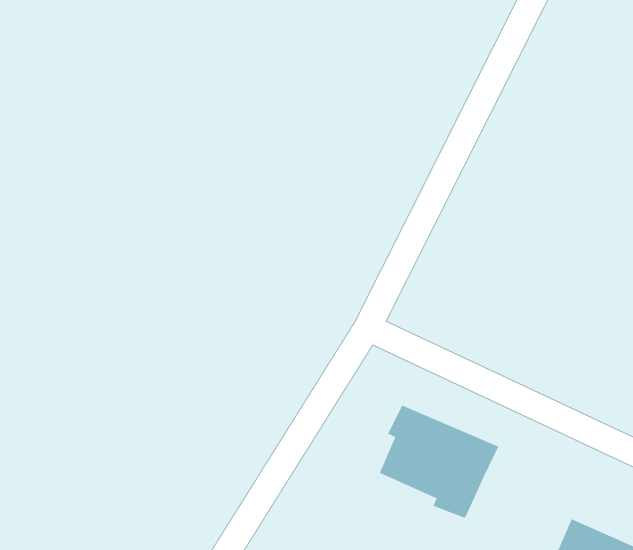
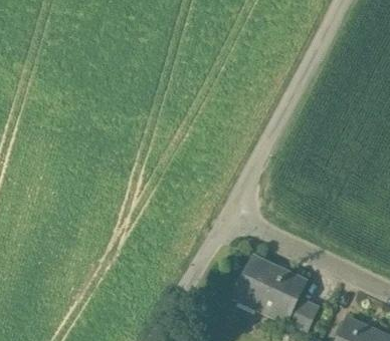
building: none -> [288,296,319,328]

